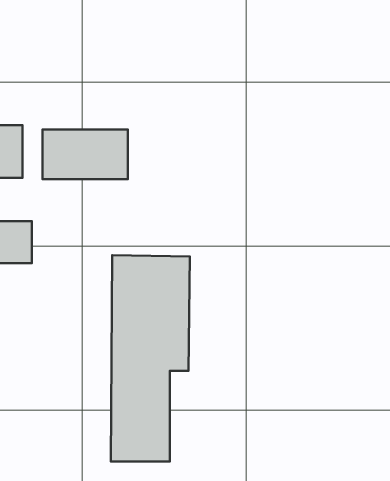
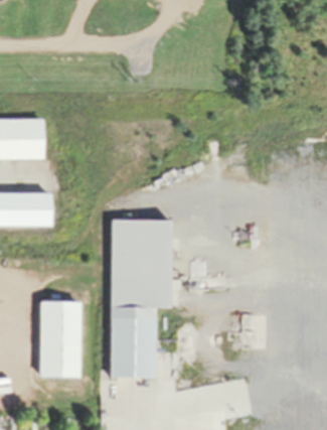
building: [43,130,128,179] -> none
building: none -> [40,300,81,377]

